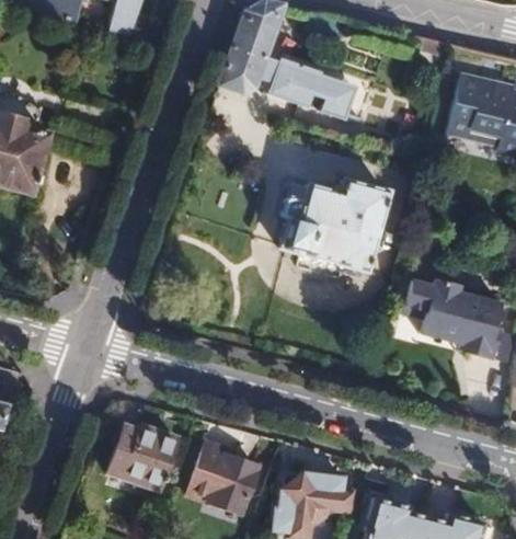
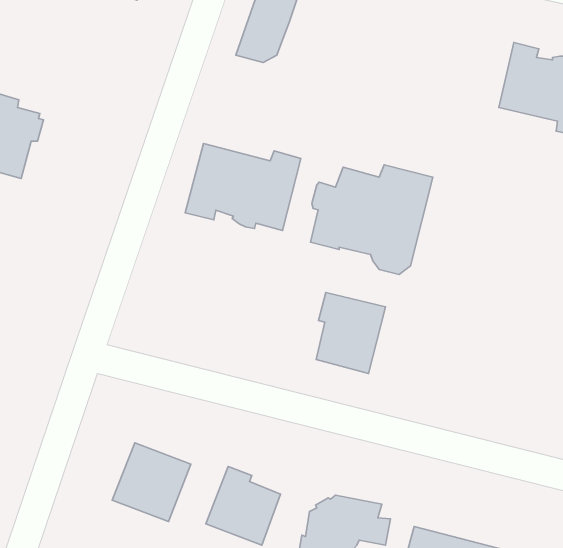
building: [257,54,356,110] -> none
building: none -> [185,144,301,231]
building: none -> [316,293,385,373]
building: [401,294,501,374] -> none

